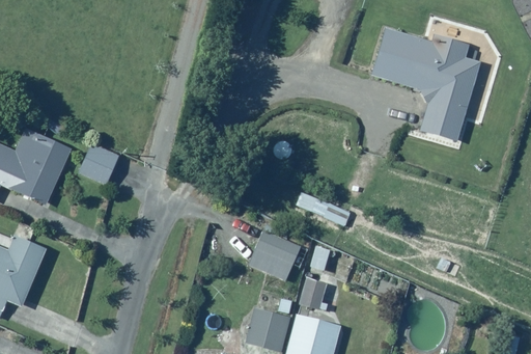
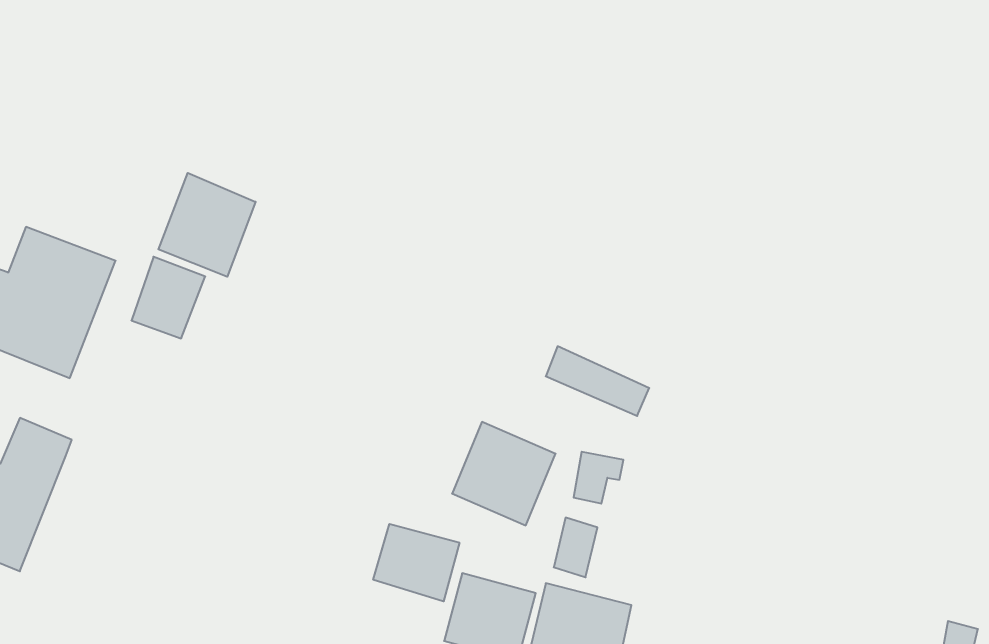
building: [368,26,481,140] -> none
building: none -> [158,173,256,277]
building: none -> [373,524,459,601]

